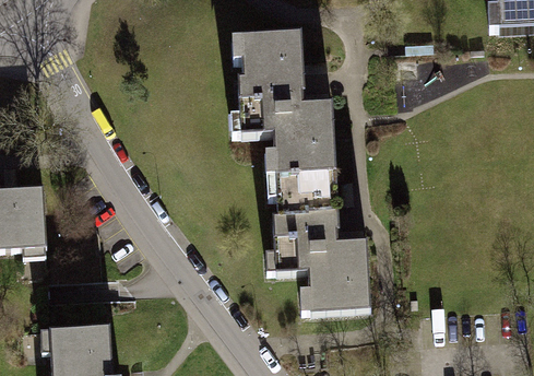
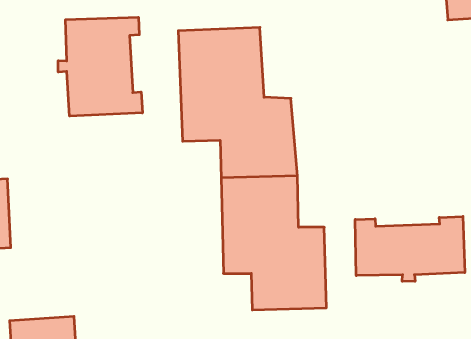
building: none -> [58,17,142,116]
building: none -> [355,216,465,281]

